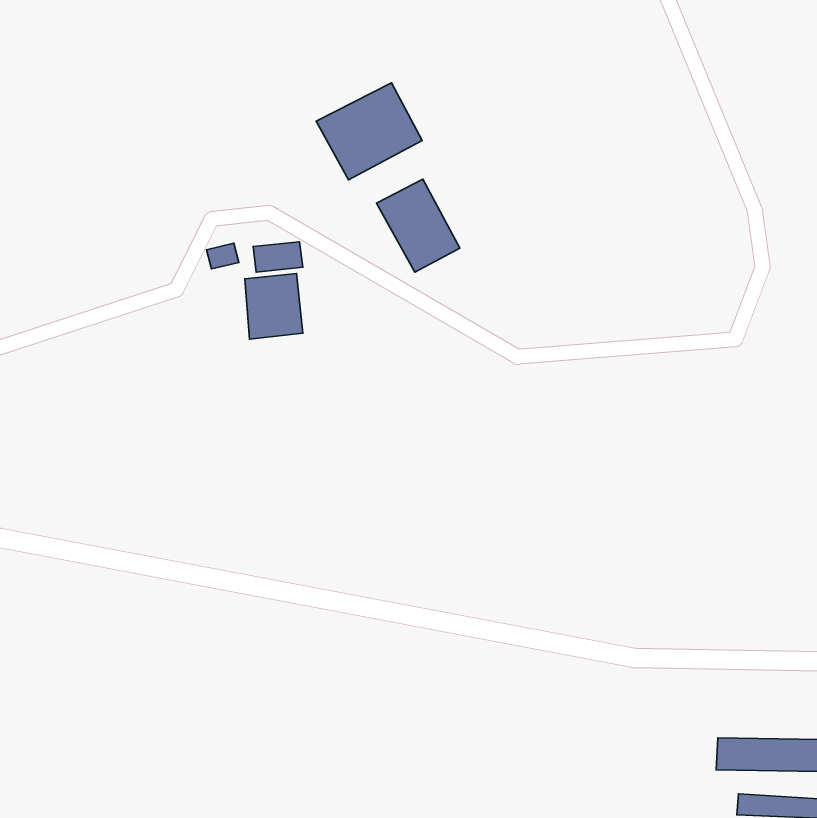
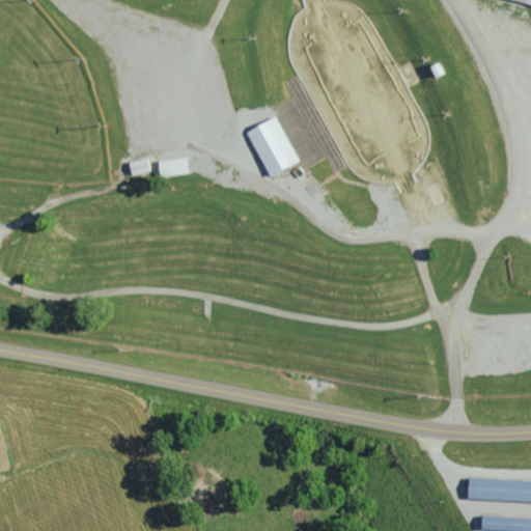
building: [316,83,422,180] -> none
building: [245,274,303,339] -> none

